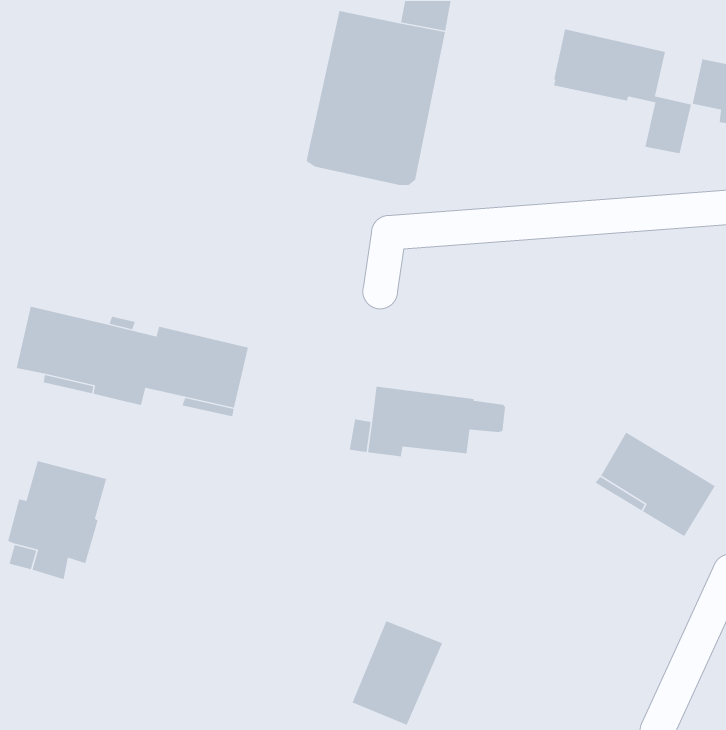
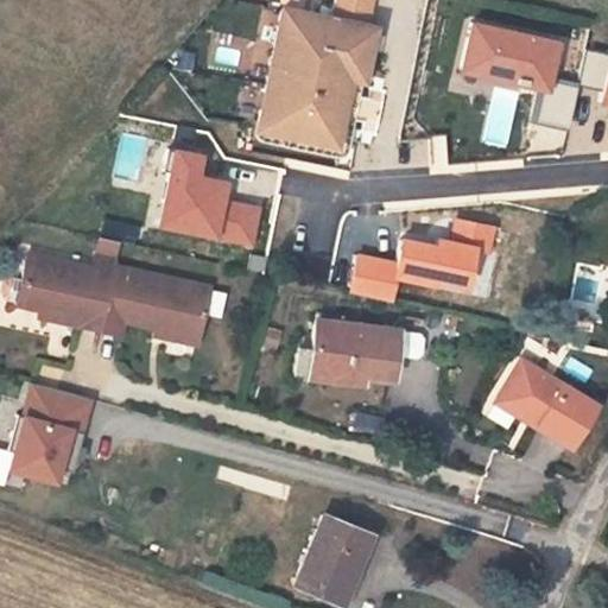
building: none -> [164,148,260,240]
building: none -> [354,220,494,300]

